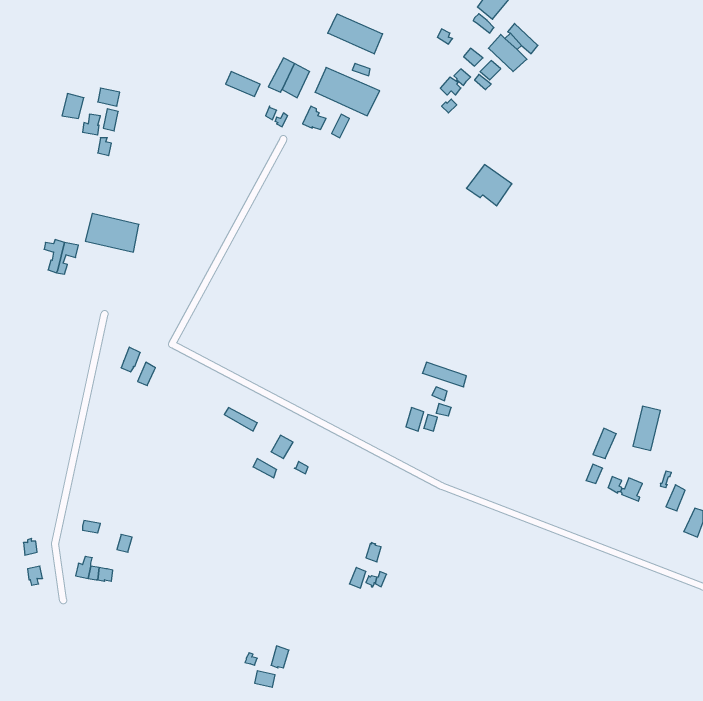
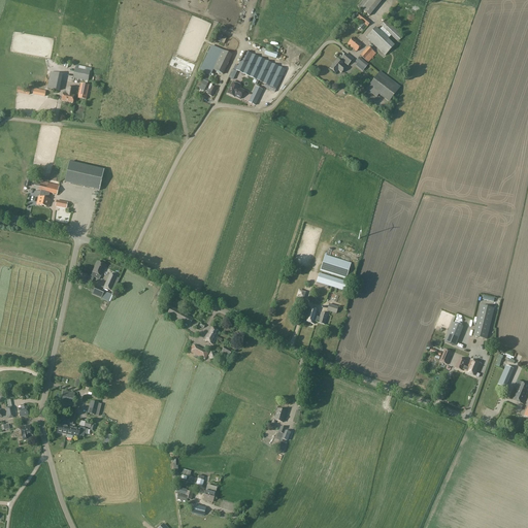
building: [328,14,383,54] -> none
building: [466,165,512,206] -> [366,70,400,101]
building: none -> [320,254,351,276]

